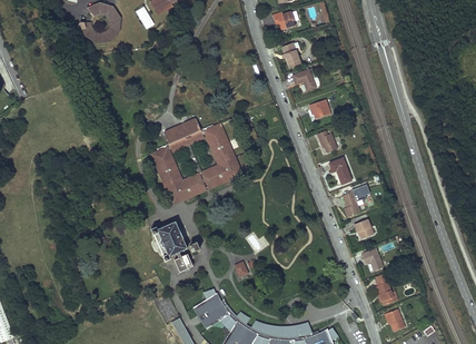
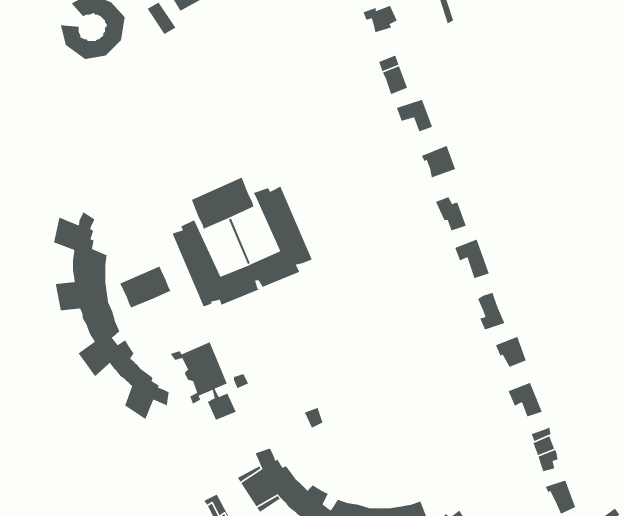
building: none -> [53,211,169,420]
building: none -> [119,266,172,309]

